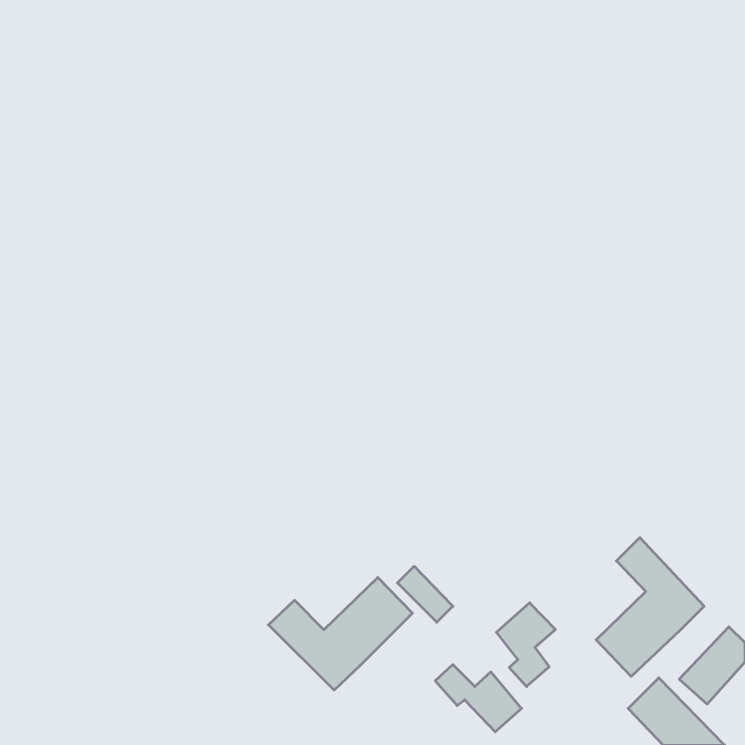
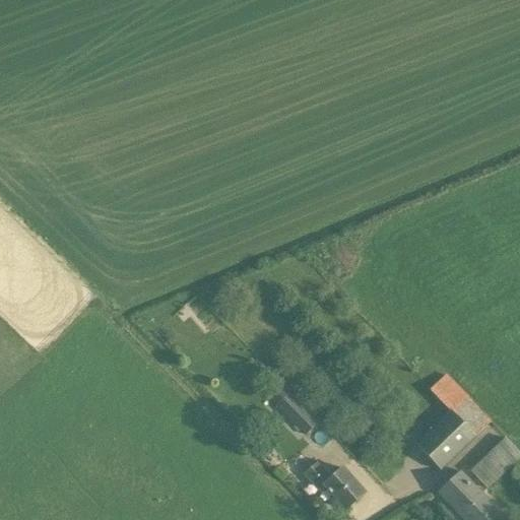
building: [268,577,412,690] -> none
building: [496,603,555,687] -> none

